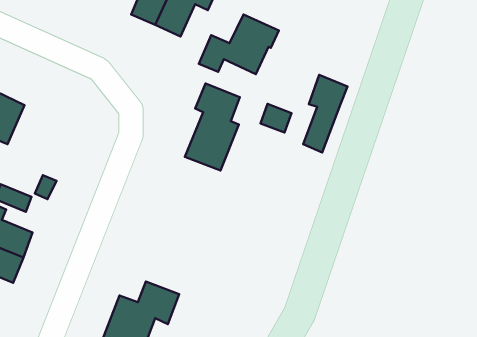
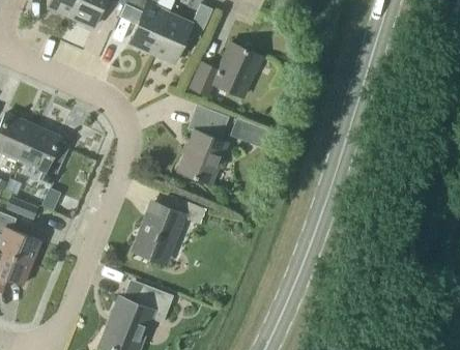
building: [303,75,347,153] -> none
building: none -> [18,124,63,184]
building: none -> [135,195,206,260]

